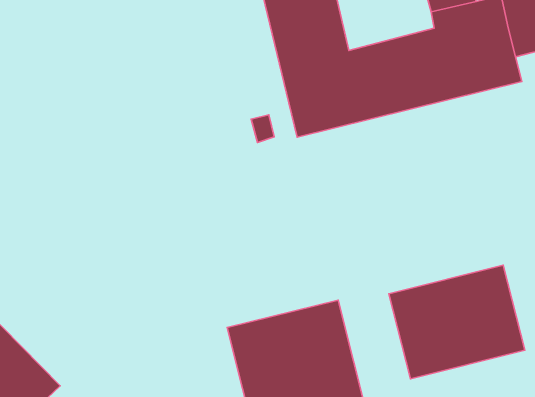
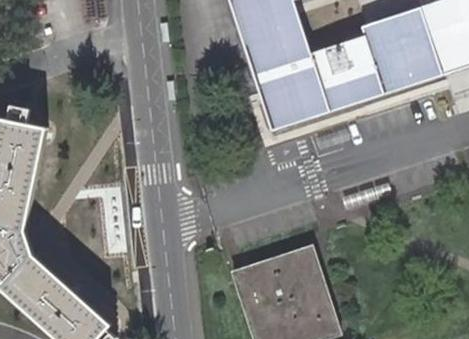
building: [389,265,525,379] -> none

